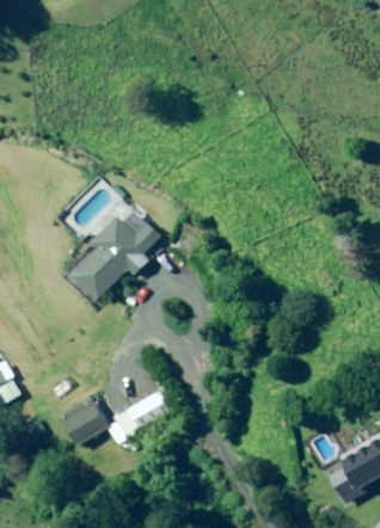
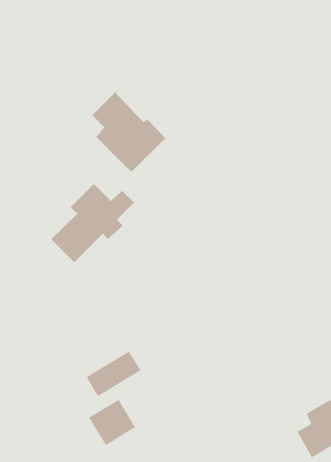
building: none -> [92,92,166,173]
building: [57,397,108,446] -> [88,399,136,446]

